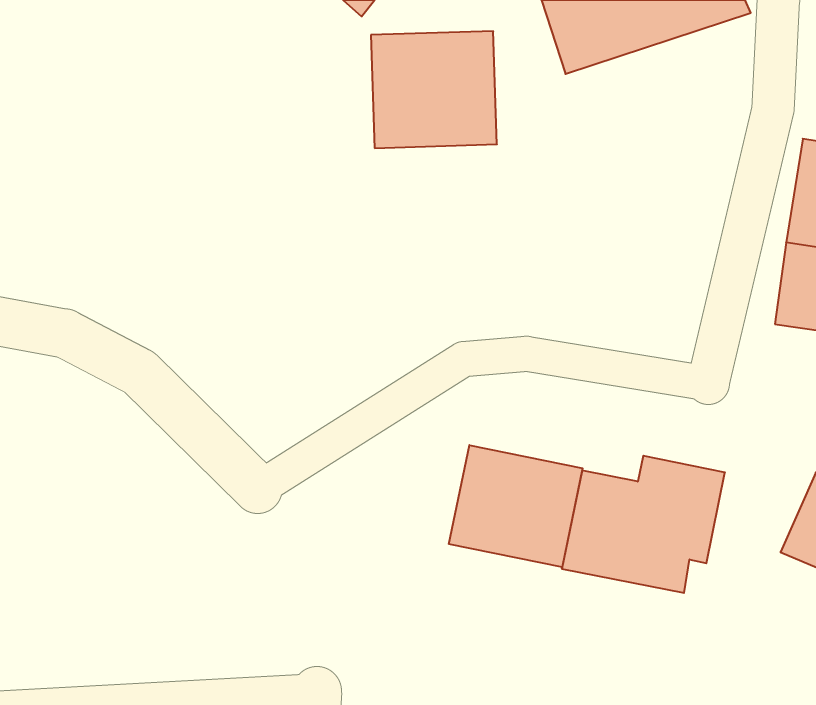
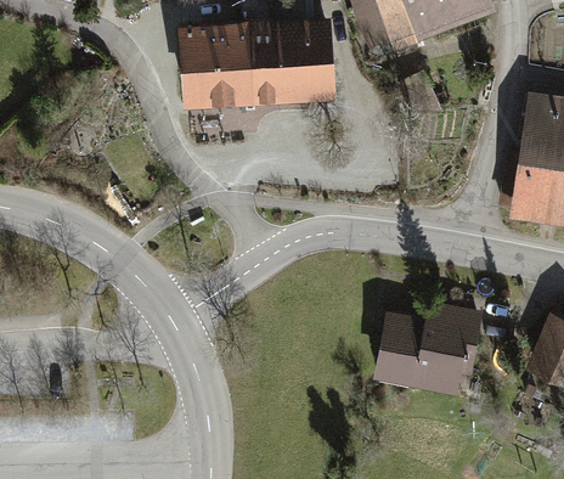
building: none -> [170,26,253,103]
building: [449,445,583,567] -> none

